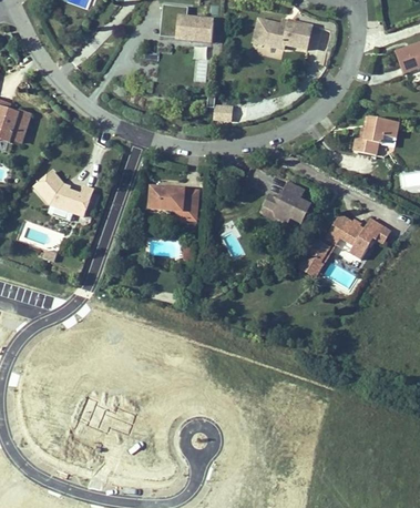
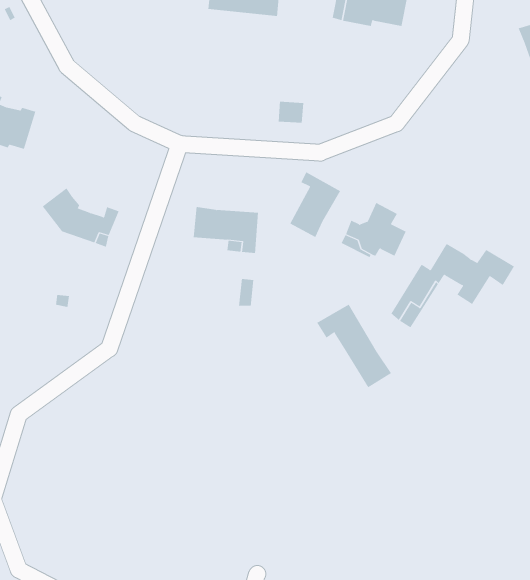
building: [355,116,399,155] -> none
building: none -> [289,171,341,238]
building: none -> [316,304,392,388]

